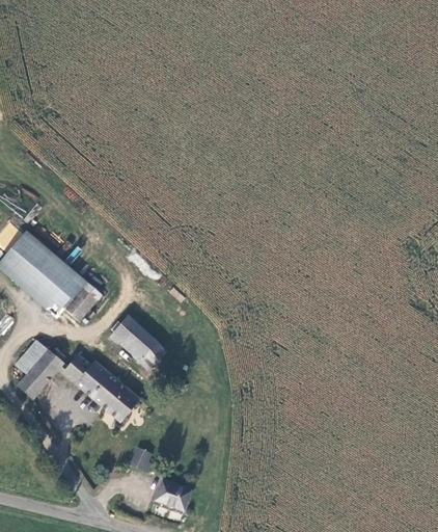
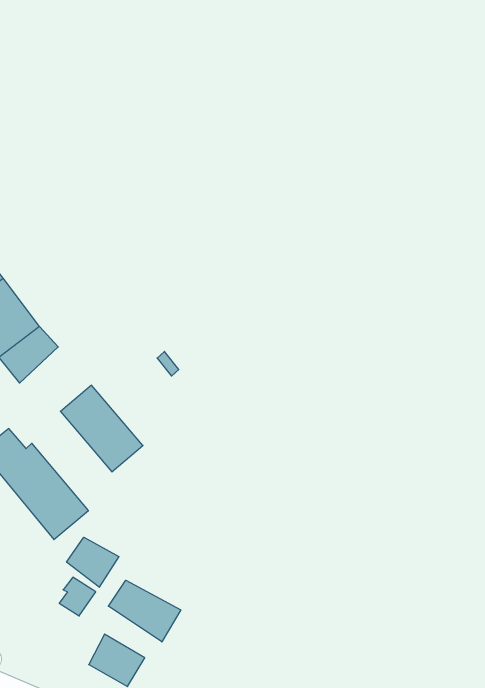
building: none -> [67,537,119,587]
building: none -> [108,580,181,642]

